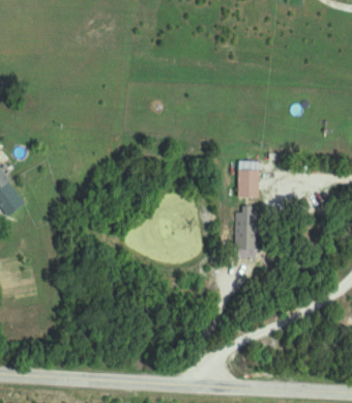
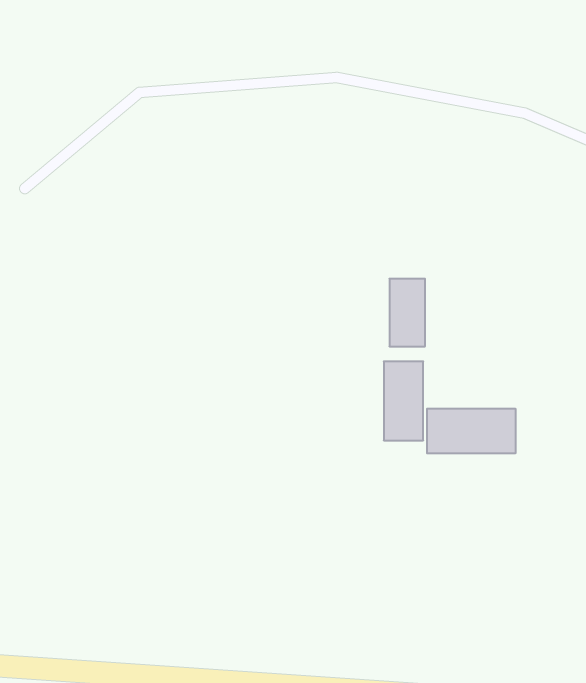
building: none -> [427,409,515,453]

